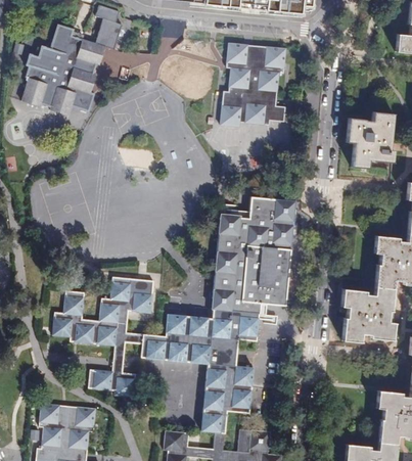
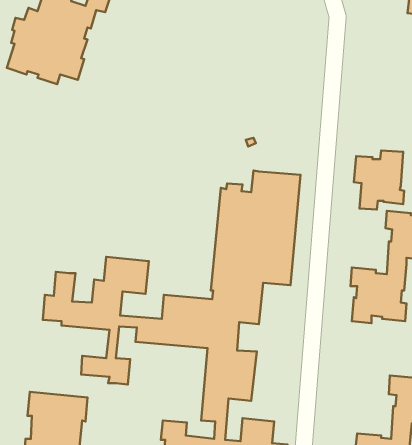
building: [219,43,283,126] -> none
building: [346,111,393,167] -> [354,151,404,210]

